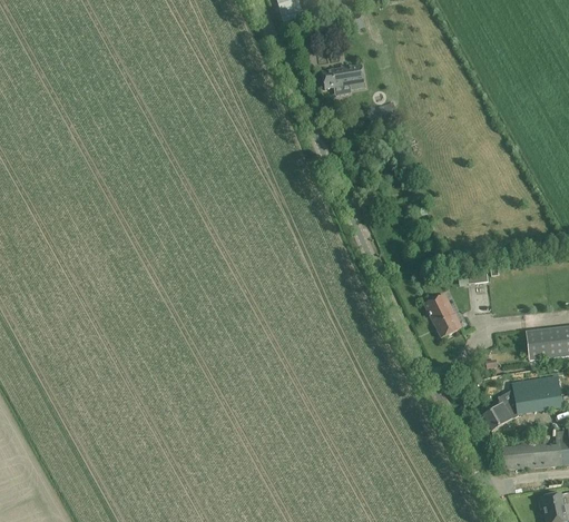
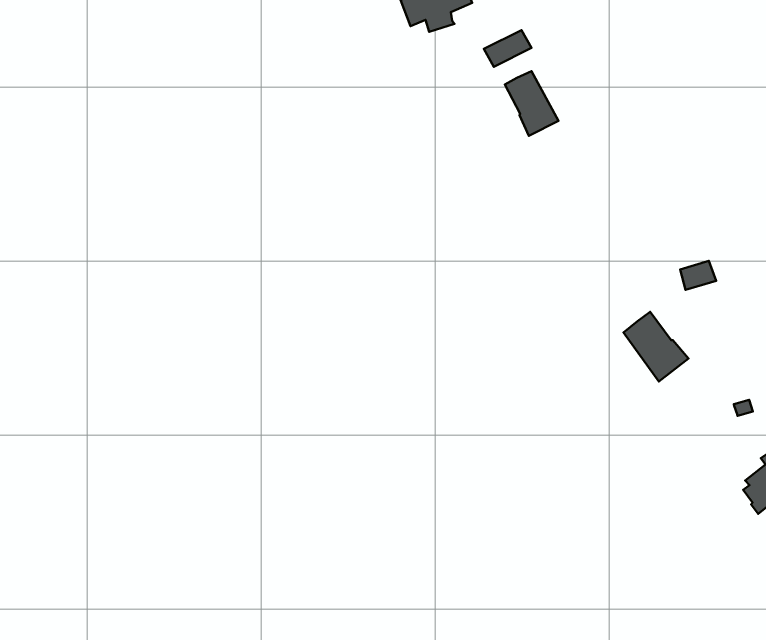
building: none -> [505,71,559,136]

